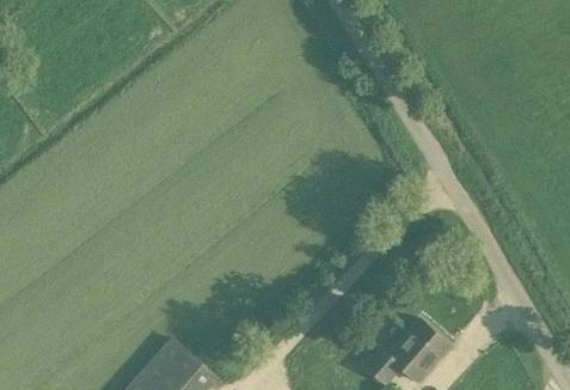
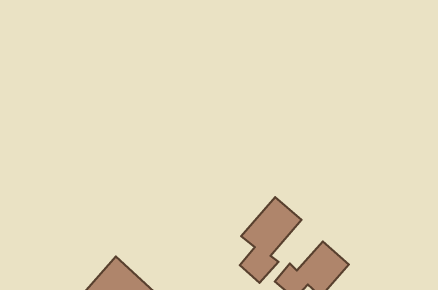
building: none -> [240,197,301,283]

